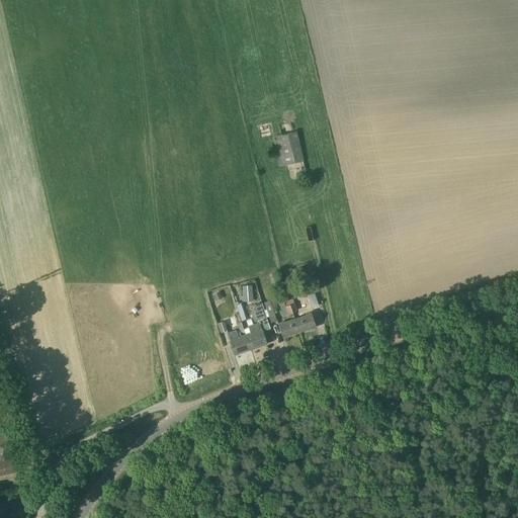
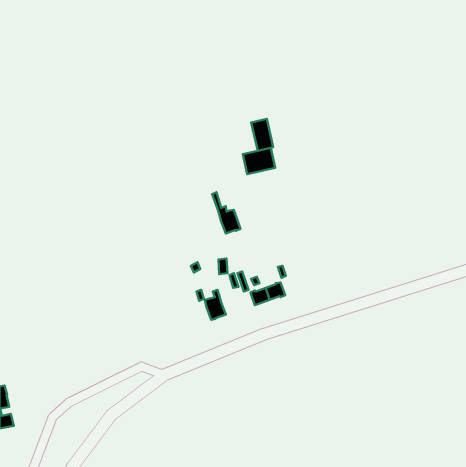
building: none -> [243,148,275,174]
building: [235,303,266,348] -> [212,192,240,233]

